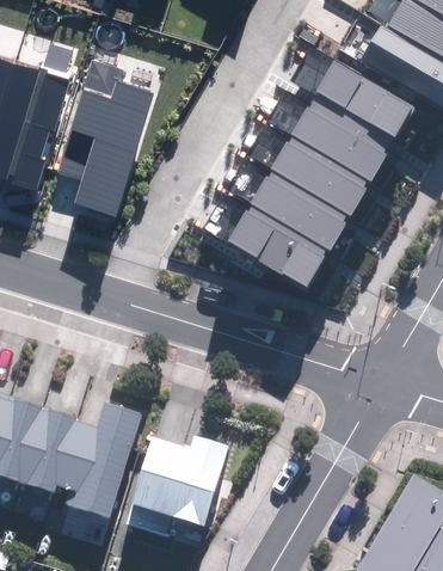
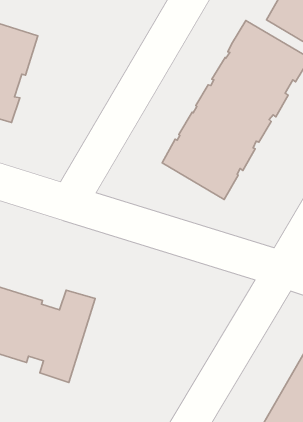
building: [57,61,154,217] -> none
building: [124,434,229,536] -> none

